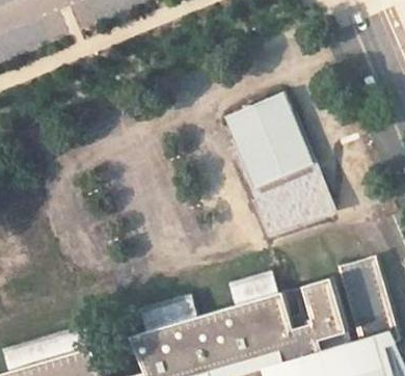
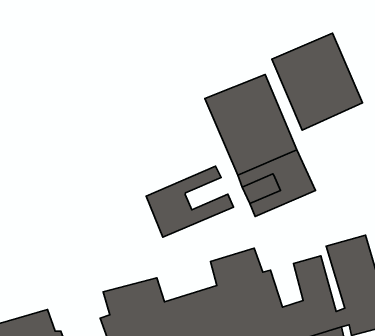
building: none -> [272,33,363,130]
building: none -> [146,166,234,237]

